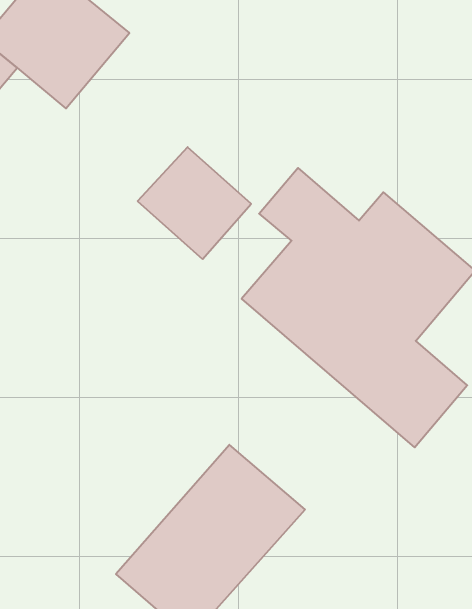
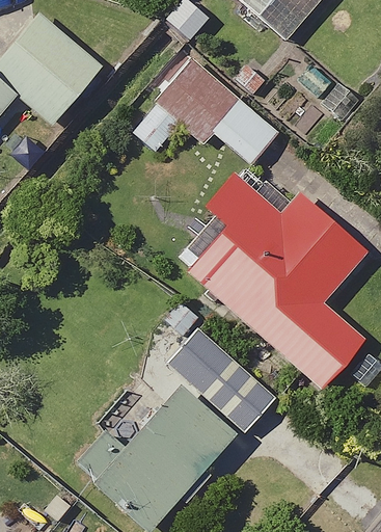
building: [138,147,251,259] -> [154,59,241,145]
building: none -> [167,328,276,433]

